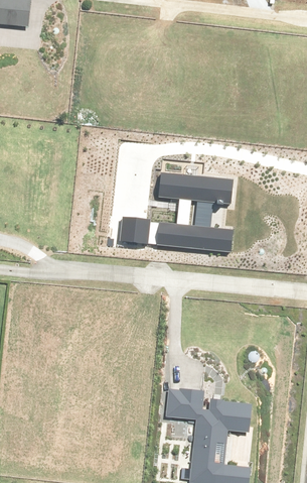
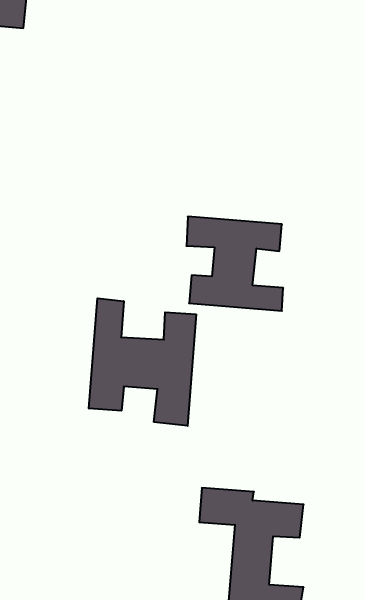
building: [120,219,147,242] -> none
building: none -> [89,298,196,426]

